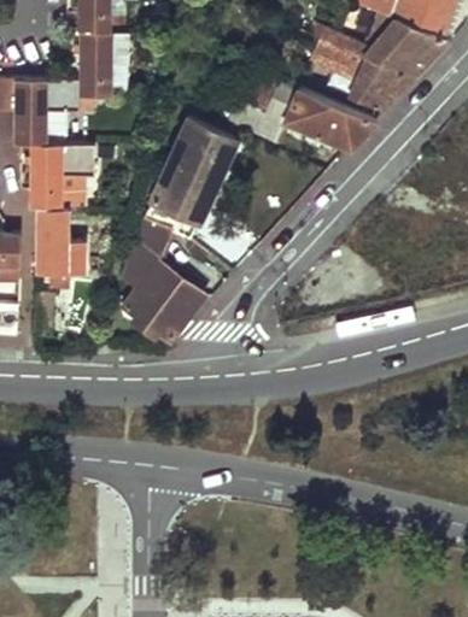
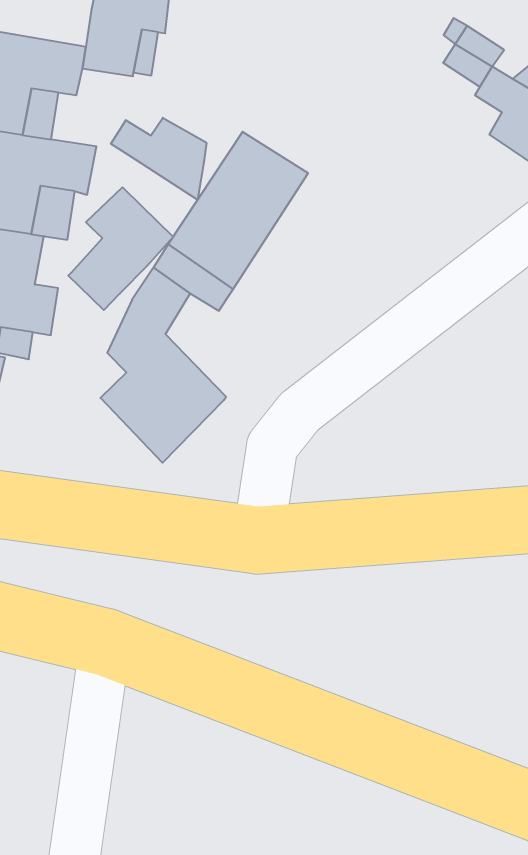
building: [228,74,374,148] -> none
building: none -> [111,118,206,200]
building: none -> [68,187,173,310]

